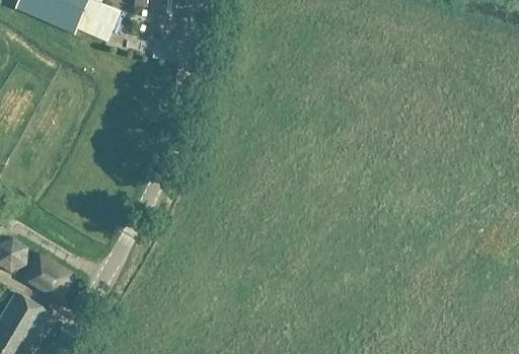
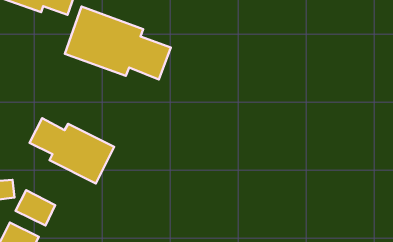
building: none -> [65,7,171,79]
building: none -> [29,118,114,184]

